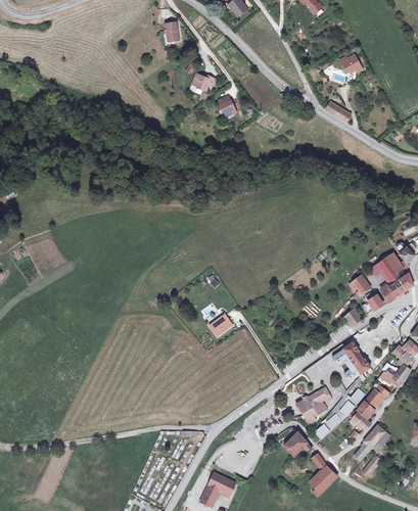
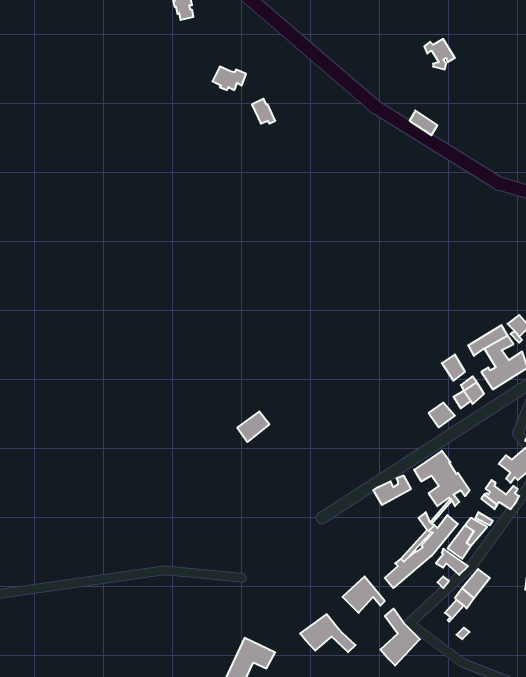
building: [297,387,329,423] -> none
building: none -> [300,614,356,652]

